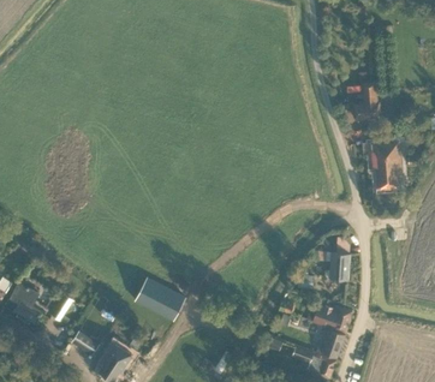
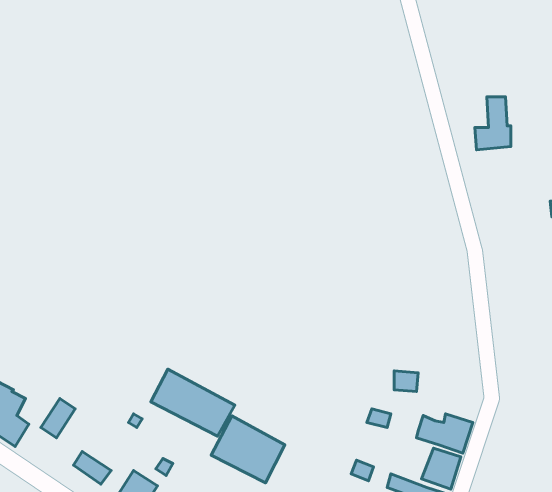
building: [370,142,401,187] -> none
building: [329,244,350,281] -> none
building: none -> [211,416,285,483]

